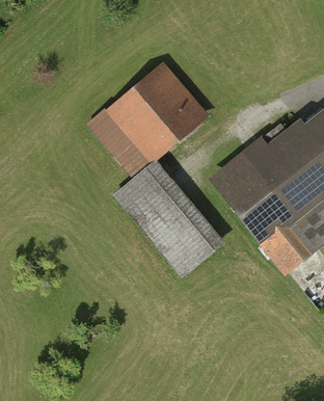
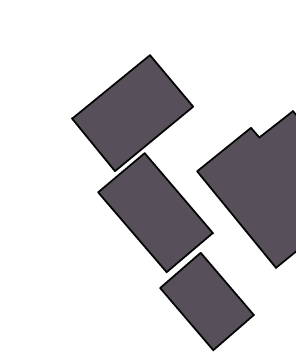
building: none -> [160,253,254,350]

